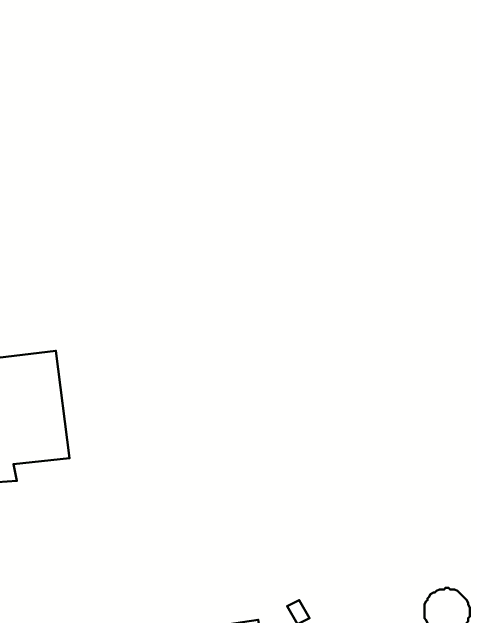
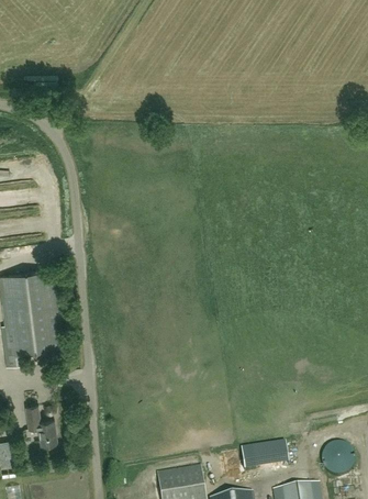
building: none -> [26,406,57,445]
building: none -> [243,439,288,464]

